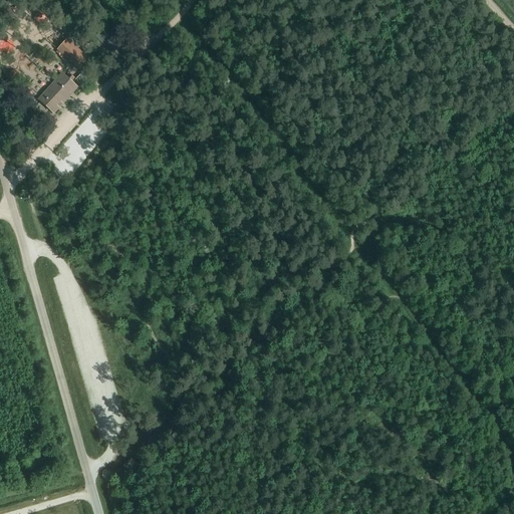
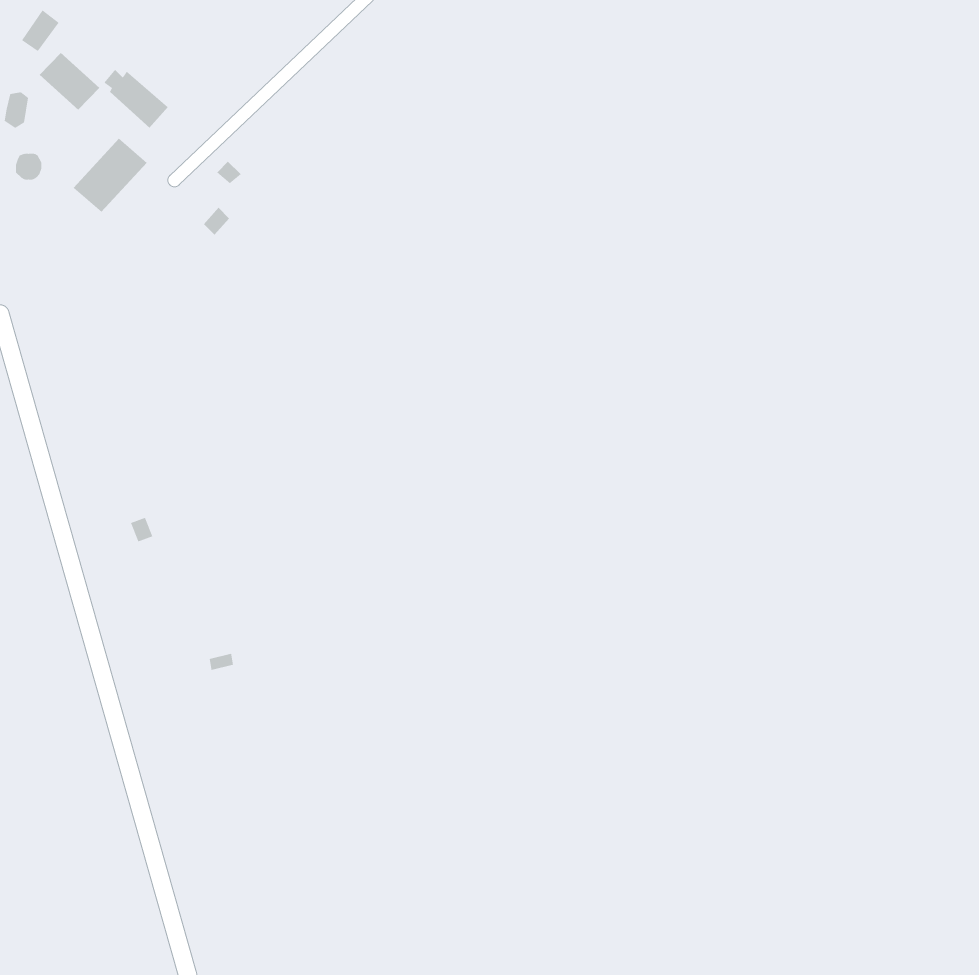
building: none -> [39,52,100,111]

